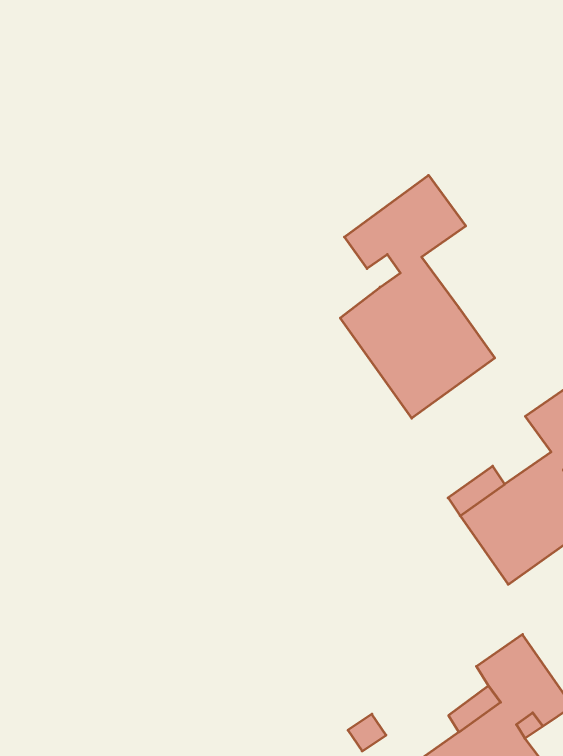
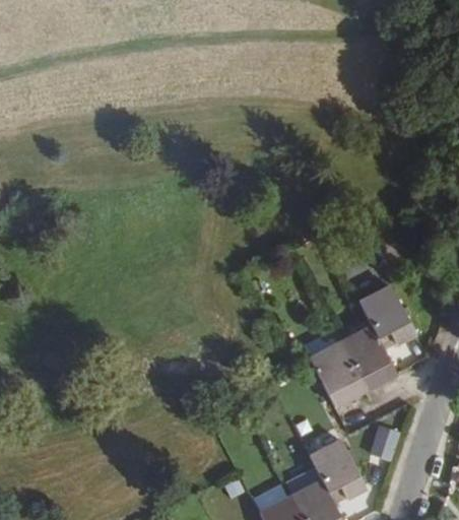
building: [340,175,495,418] -> none

